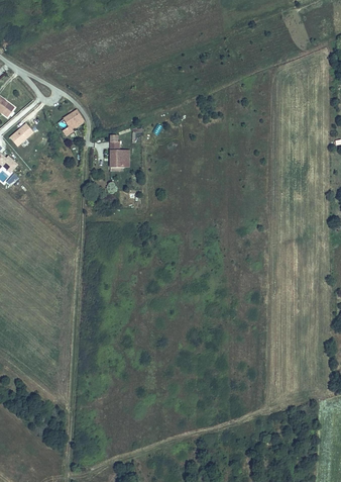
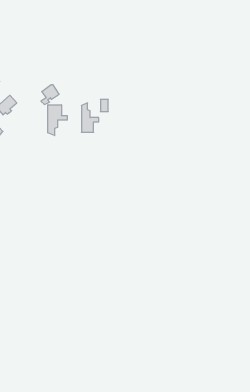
building: none -> [48,105,67,136]

